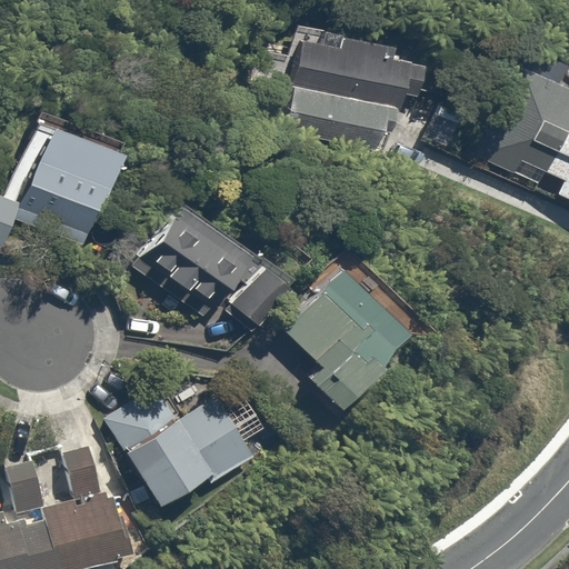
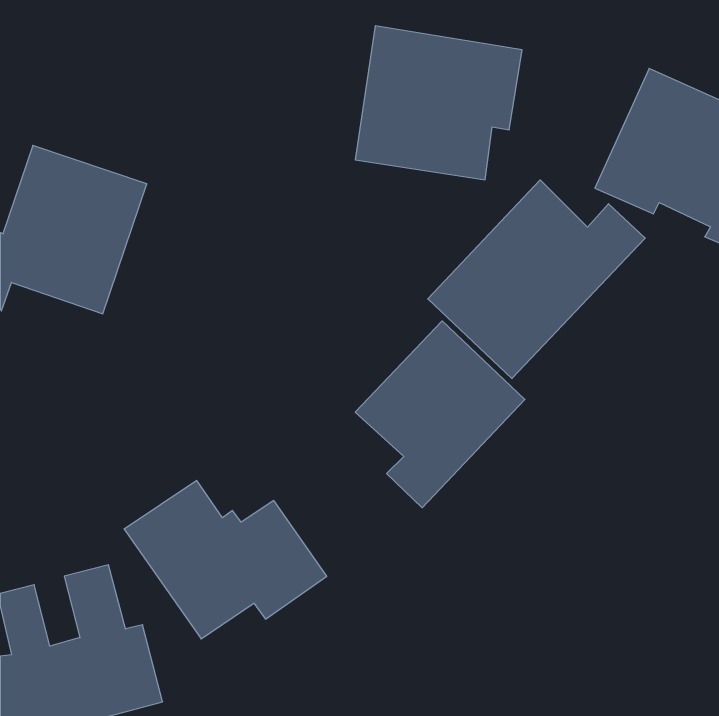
building: none -> [428,180,645,379]
building: [139,201,249,307] -> none
building: [228,261,289,330] -> none

